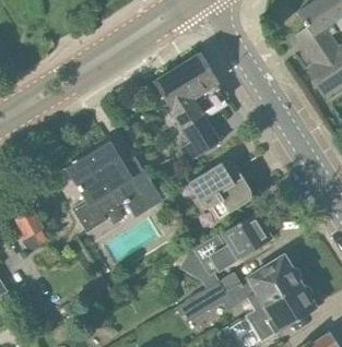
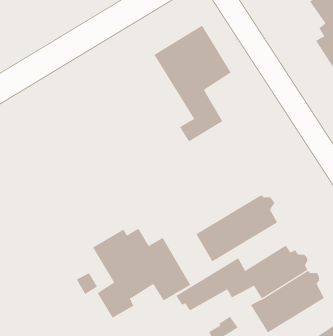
building: [68,147,161,232] -> [92,228,191,319]
building: [188,161,250,212] -> none
building: [14,212,47,247] -> none

